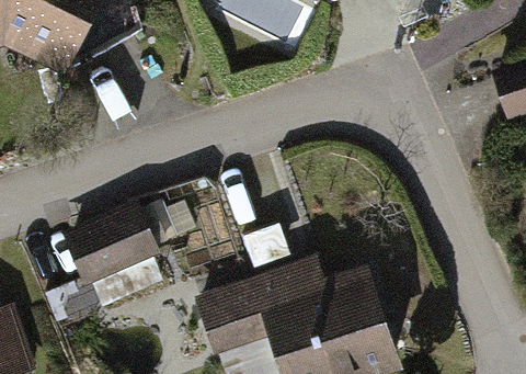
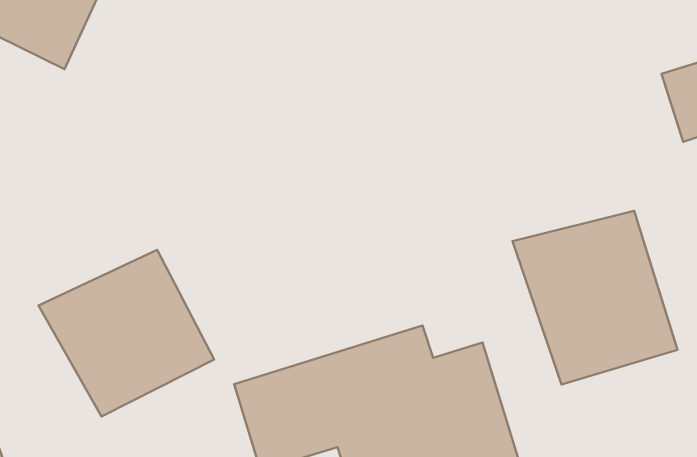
building: none -> [513,211,678,384]

